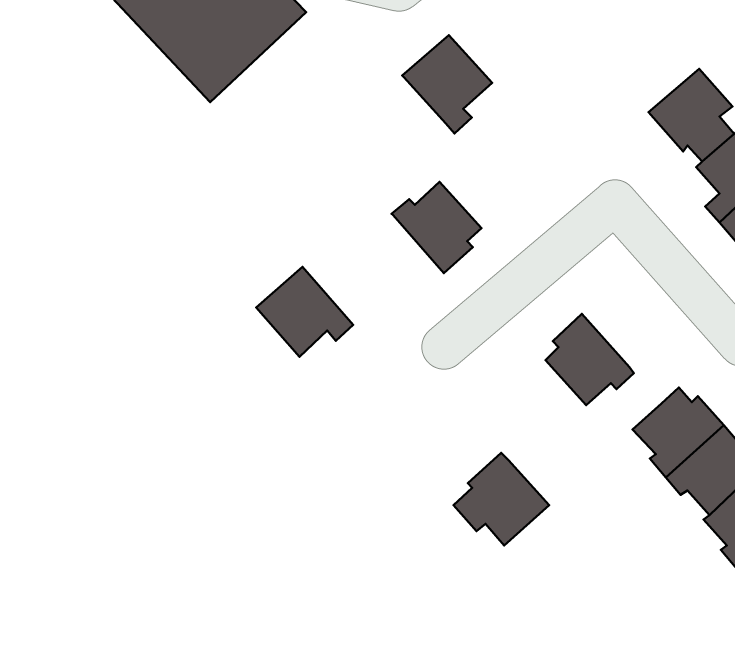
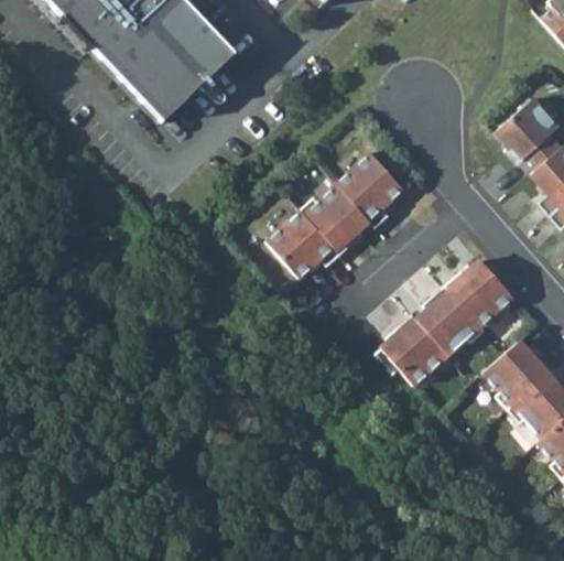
building: [402,35,492,134] -> [337,151,405,226]
building: [256,267,353,357] -> [268,208,341,277]
building: none -> [446,258,516,324]
building: [453,453,549,546] -> [377,313,449,384]

